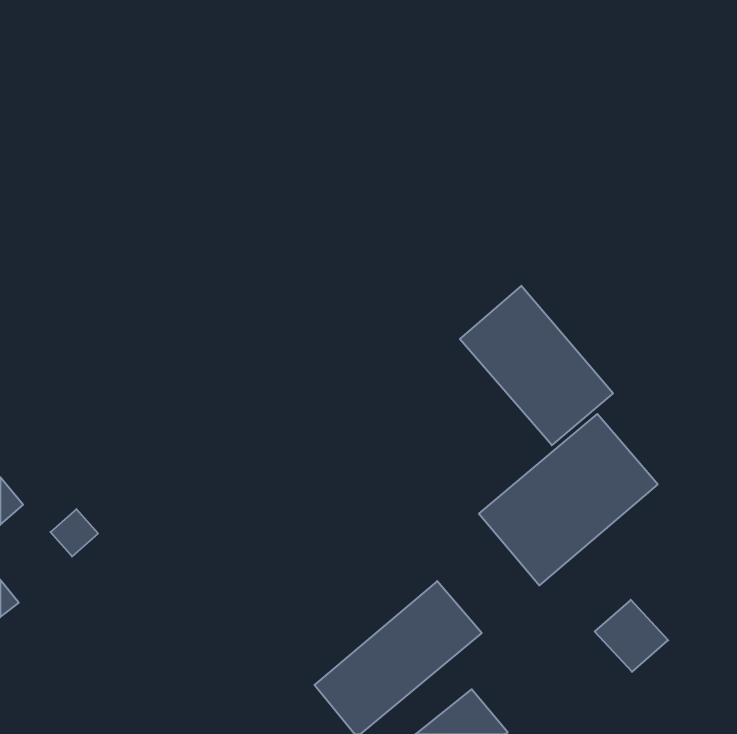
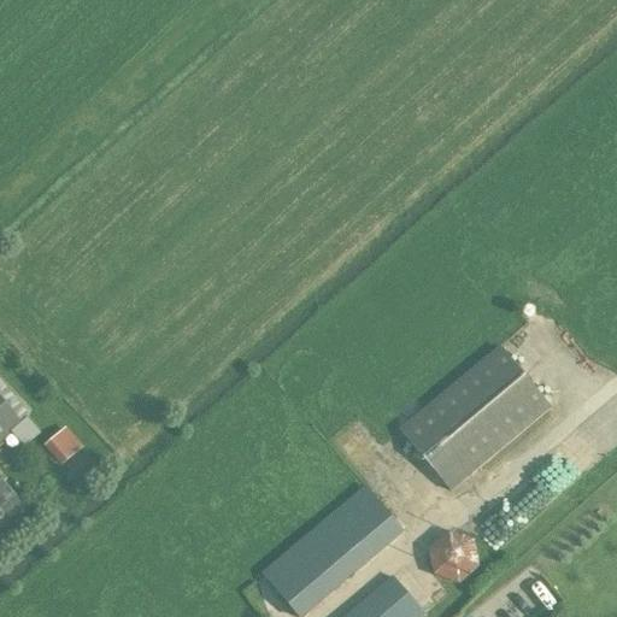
building: [460,286,613,445] -> none
building: [595,600,668,672] -> [425,524,487,584]

